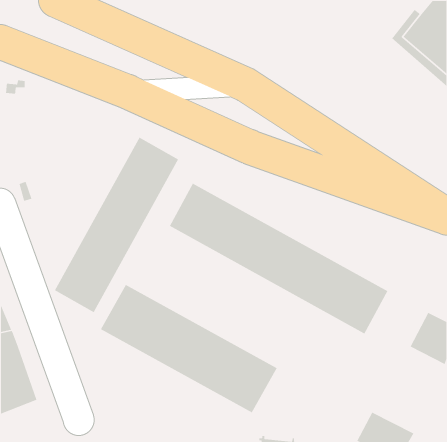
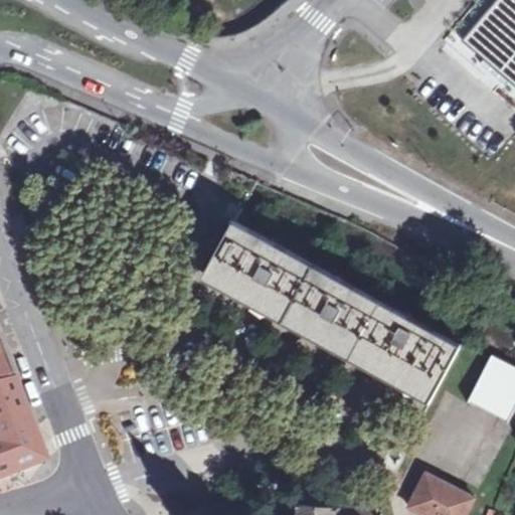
building: [54,137,179,313] -> none
building: [100,284,278,414] -> none

